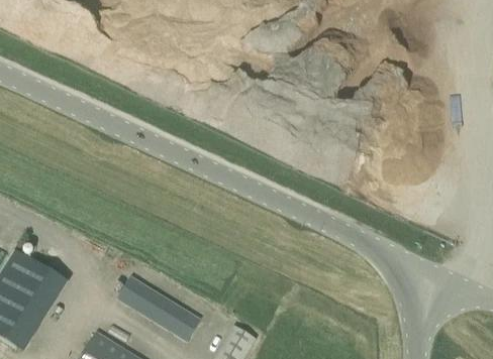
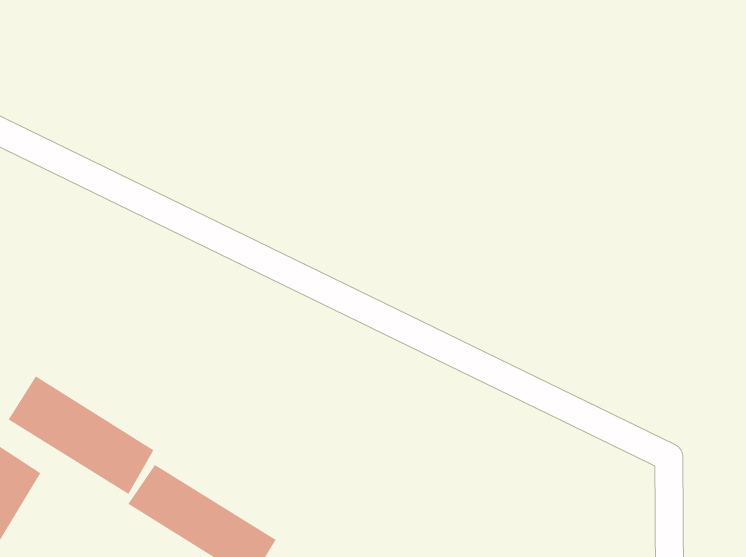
building: none -> [8,376,154,495]

